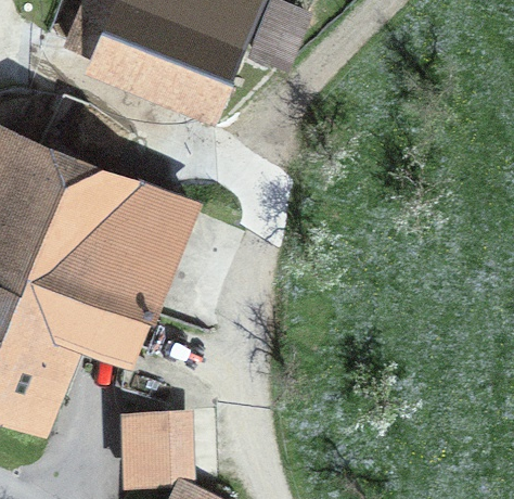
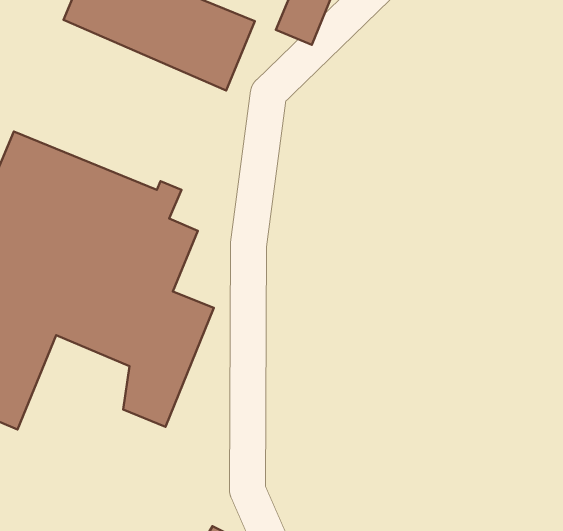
building: [119,408,211,482] -> none

